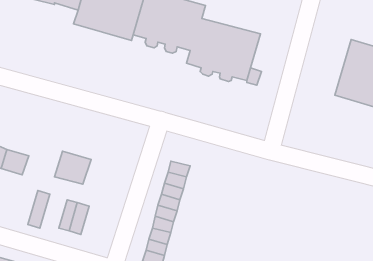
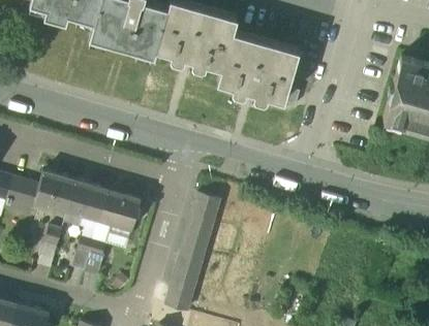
building: none -> [34,172,76,211]
building: none -> [99,192,141,230]

